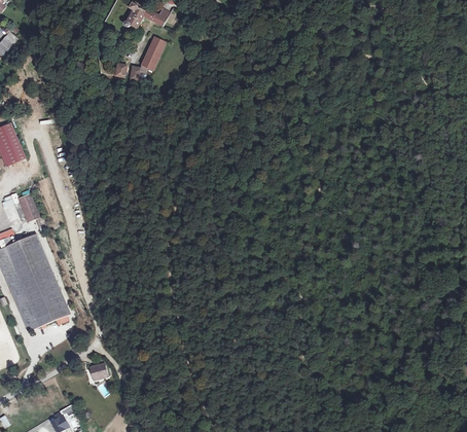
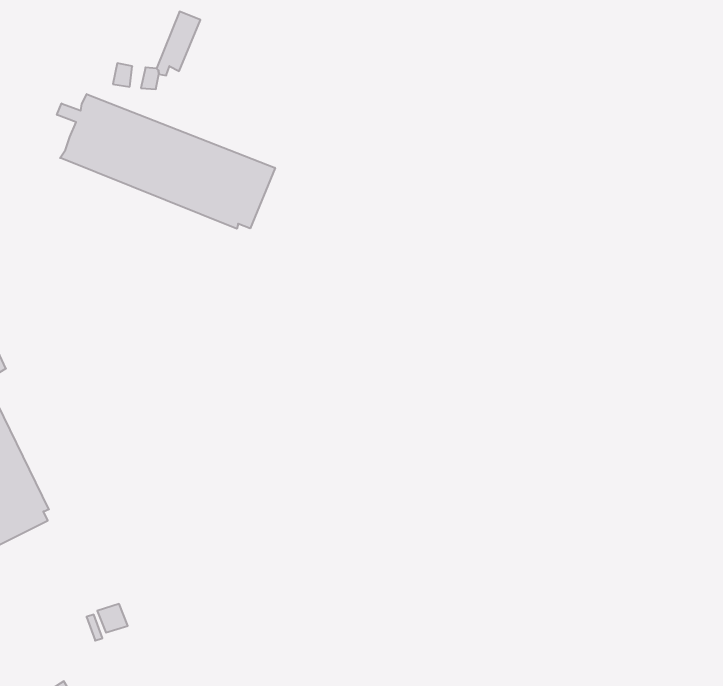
building: none -> [57,94,275,229]

